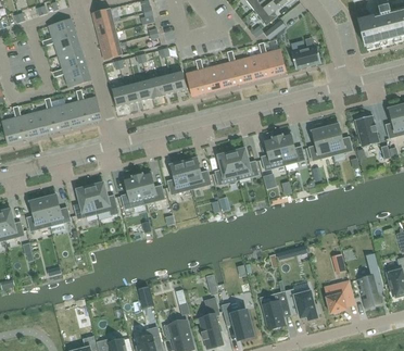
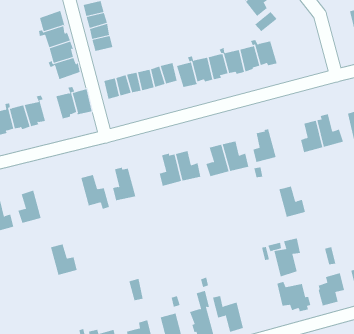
building: [291,37,320,68] -> none
building: [49,97,71,128] -> none
building: [277,133,304,164] -> [278,186,306,218]
building: [137,172,164,203] -> none
building: [73,185,97,218] -> none
building: [42,193,70,225] -> [50,244,77,275]
building: [261,290,288,329] -> [273,238,301,277]

